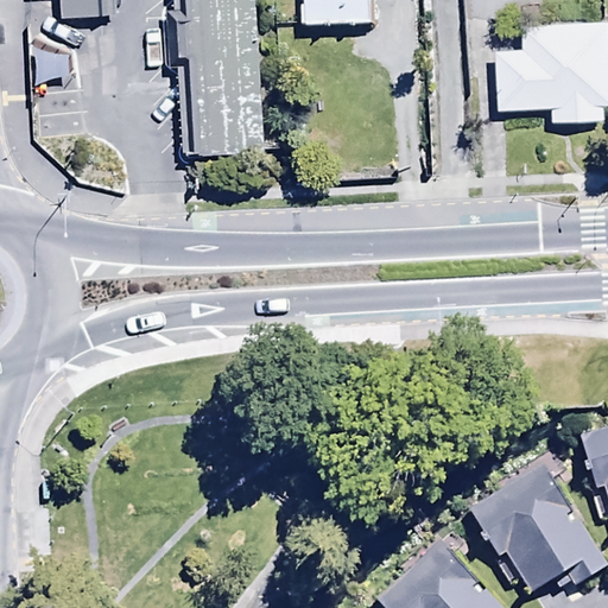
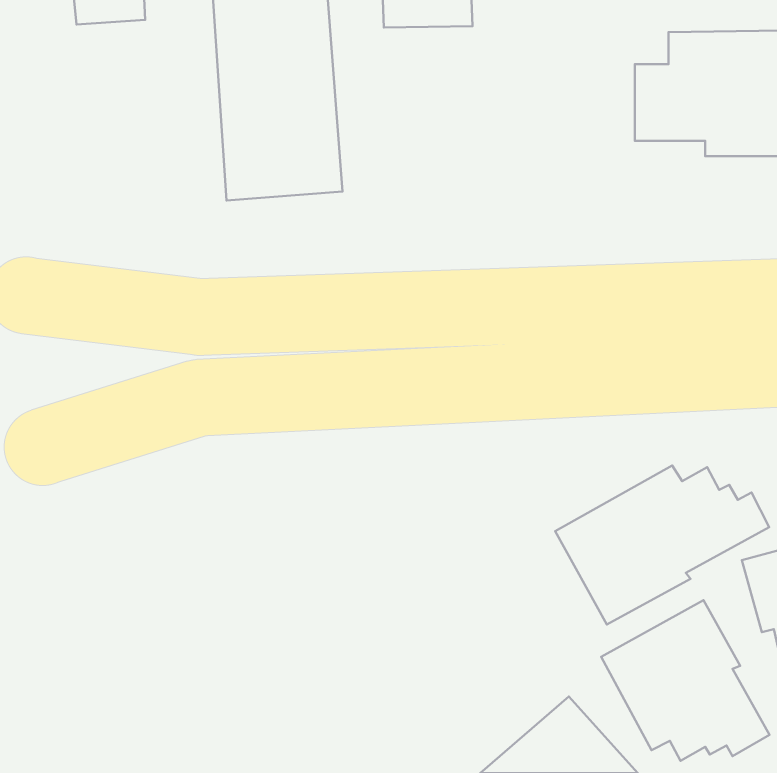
building: none -> [555,465,769,625]

